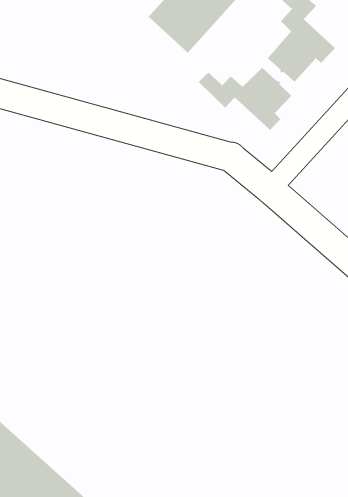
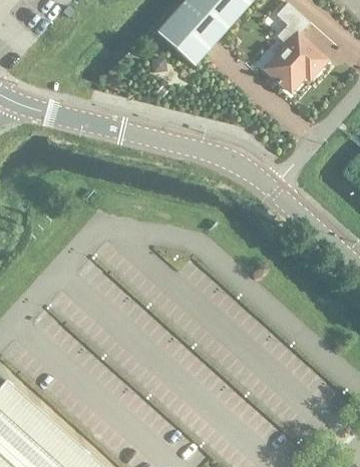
building: [198,67,292,131] -> none

